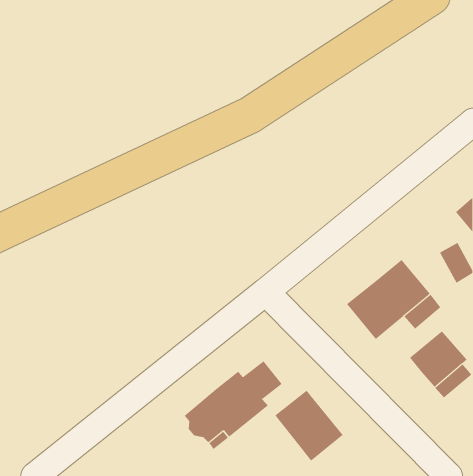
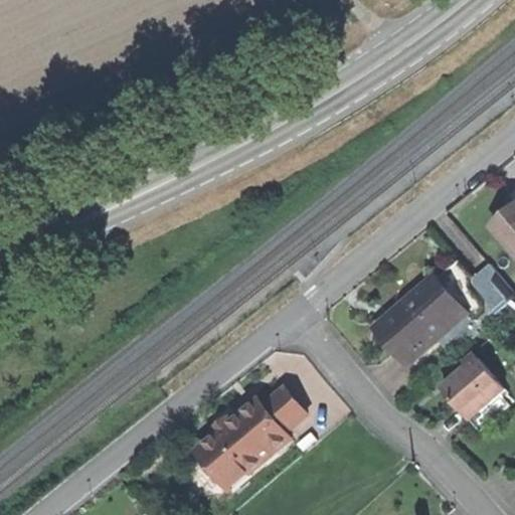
building: [274,390,344,461] -> none

